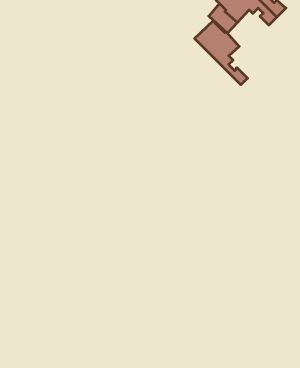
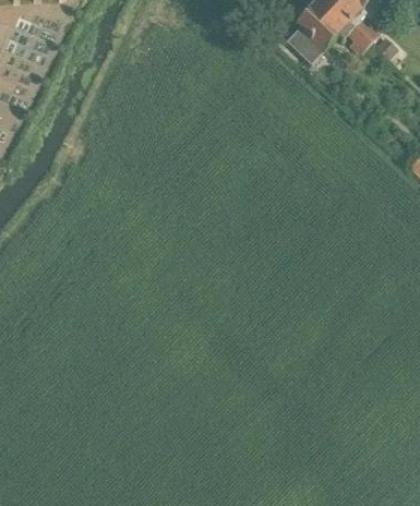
building: [195,21,248,85] -> none

